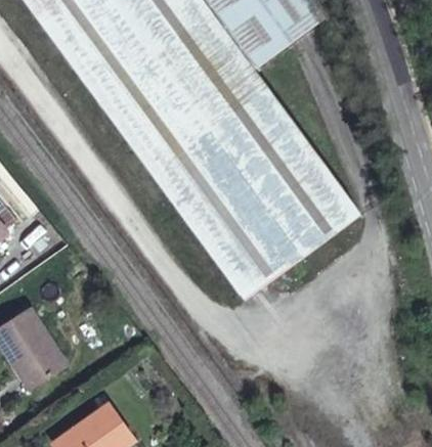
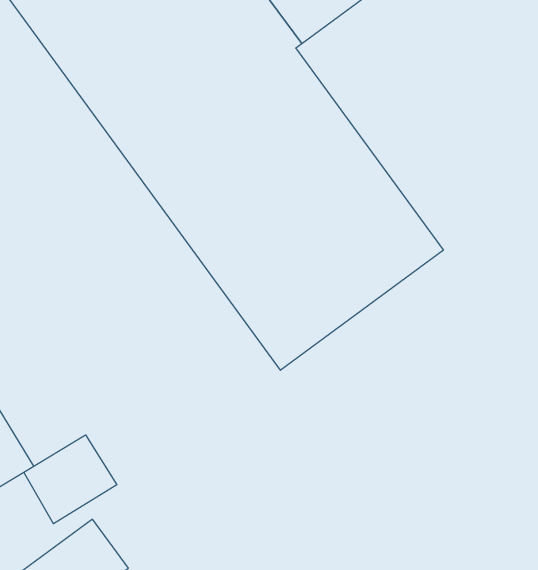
building: none -> [24,435,117,524]

